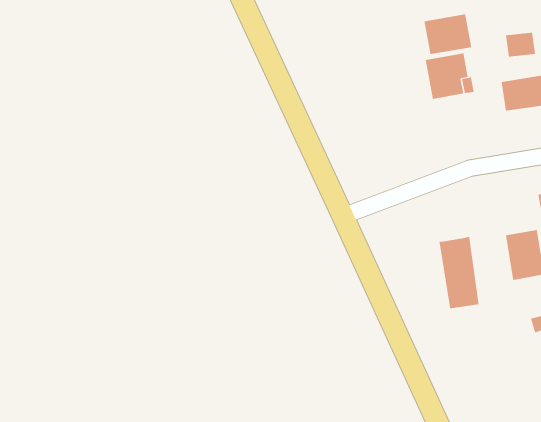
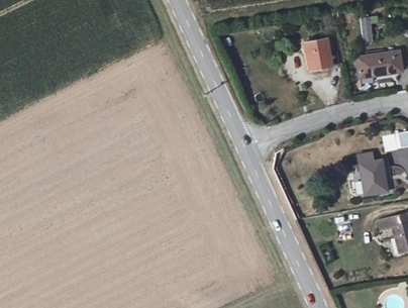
building: [424,14,472,55] -> none
building: [439,236,479,309] -> none

